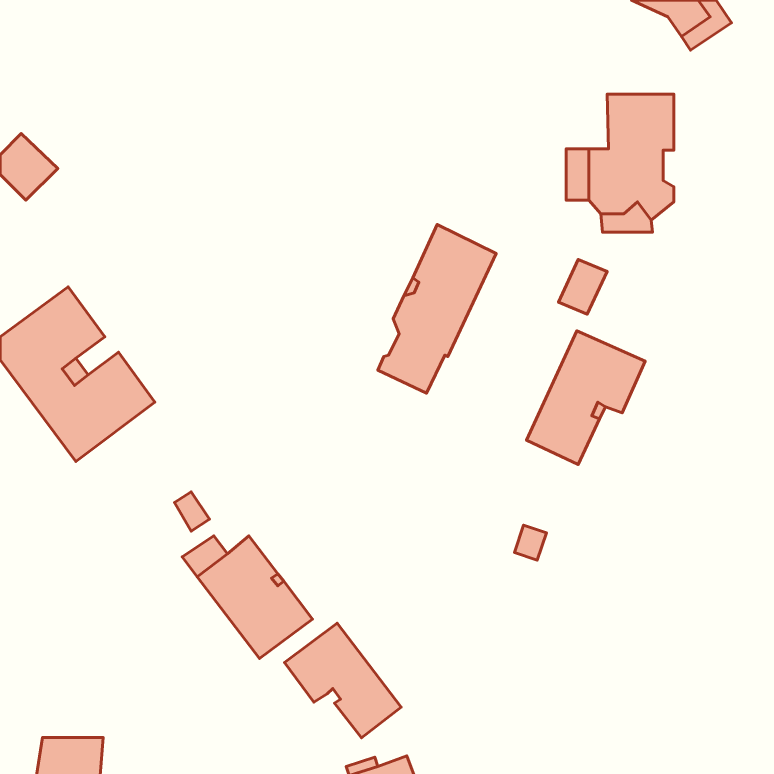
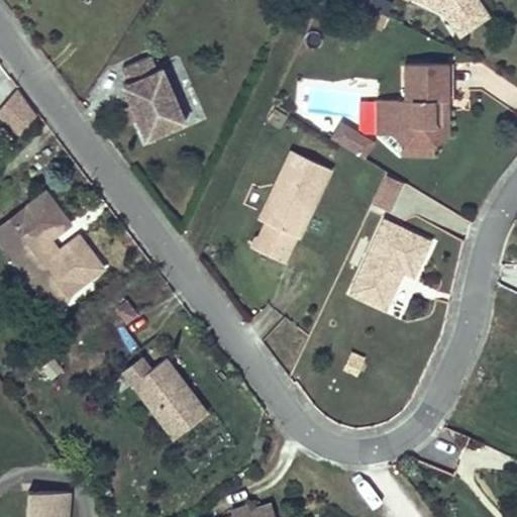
building: none -> [123,56,187,139]
building: [285,623,401,738] -> none

